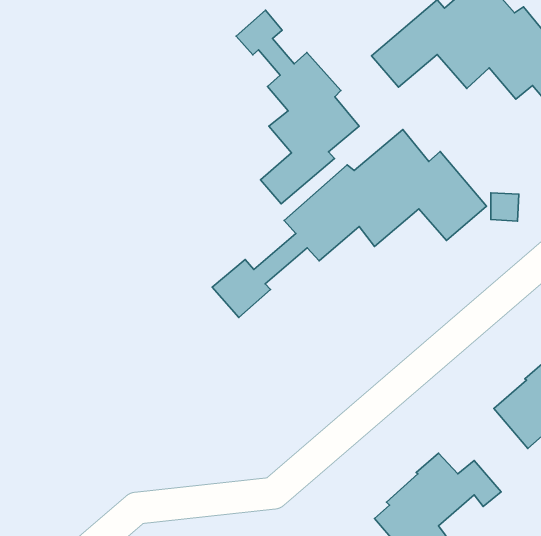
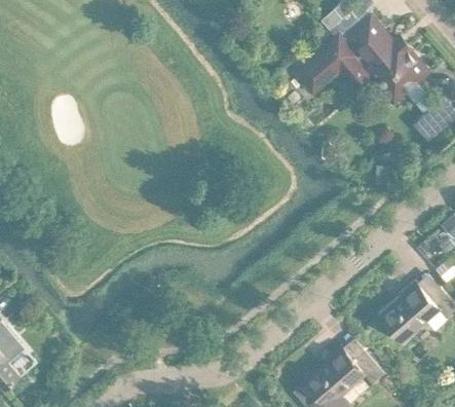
building: [236,10,359,204] -> none
building: [212,130,487,317] -> none

